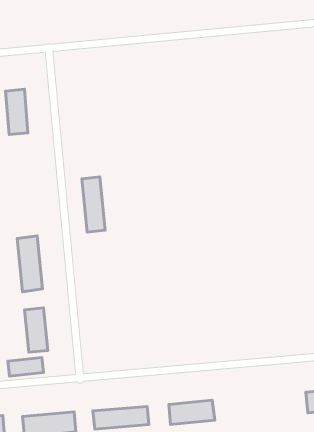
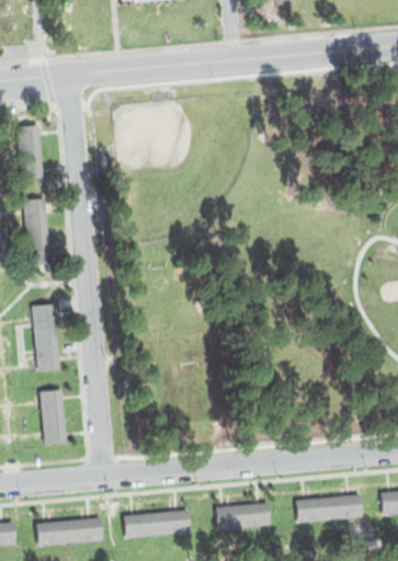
building: [82,177,105,232] -> [22,197,50,264]
building: [8,358,43,376] -> none
building: none -> [295,494,362,524]

